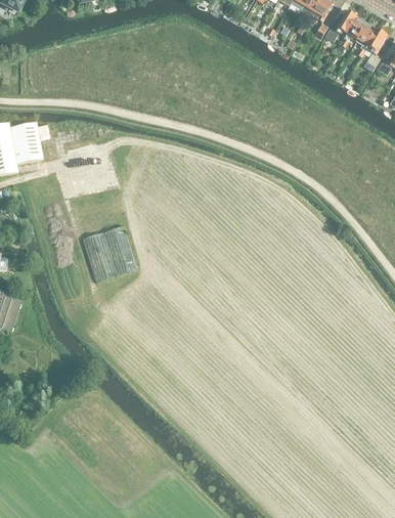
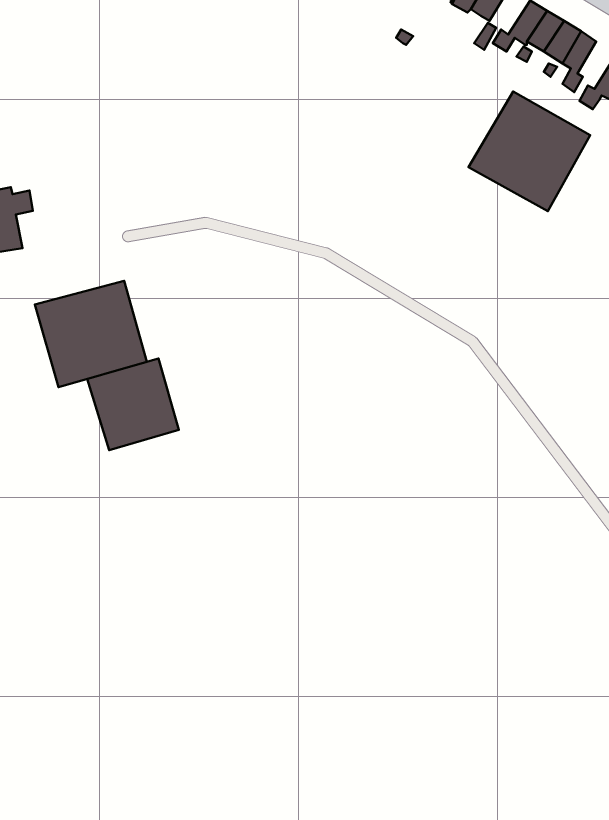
building: none -> [469,92,590,211]
building: none -> [35,281,147,387]

